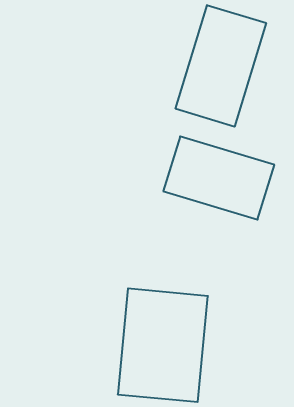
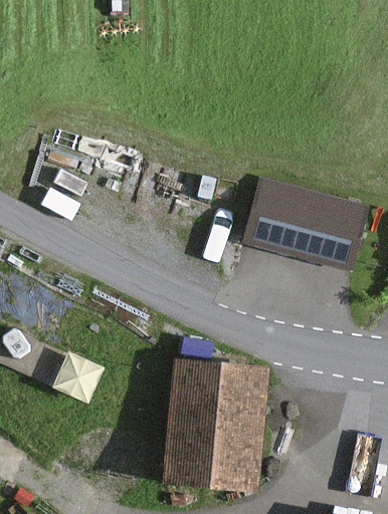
building: [176,5,266,127] -> none

